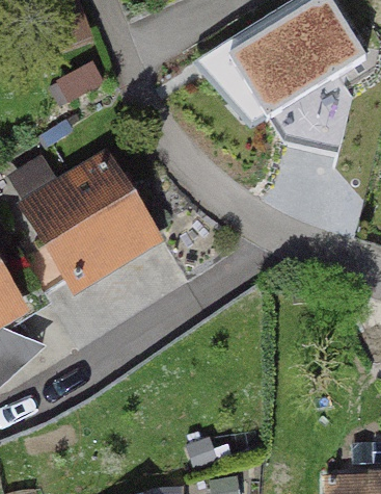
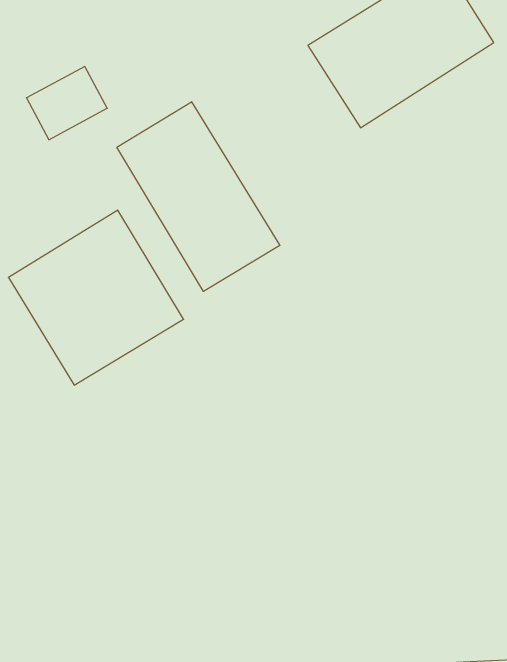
building: none -> [117,102,280,291]

